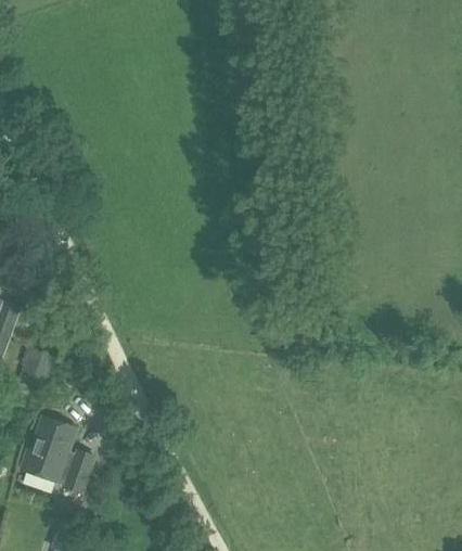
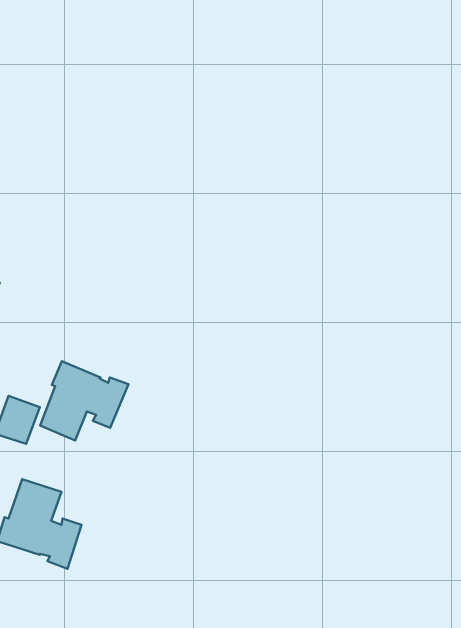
building: none -> [40,361,129,441]

